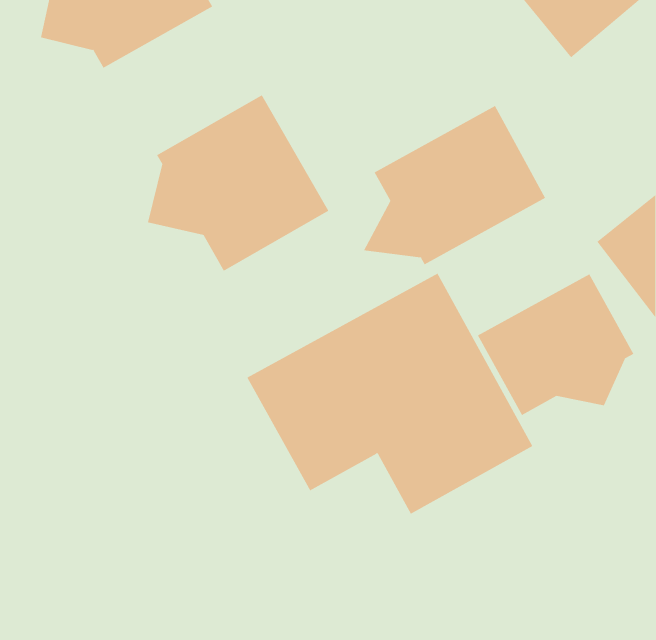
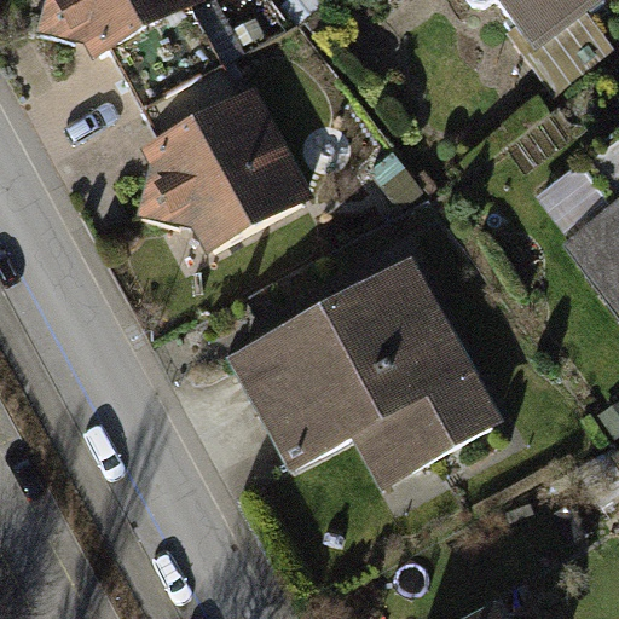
building: [363,105,546,265] -> none
building: [477,273,634,416] -> none

